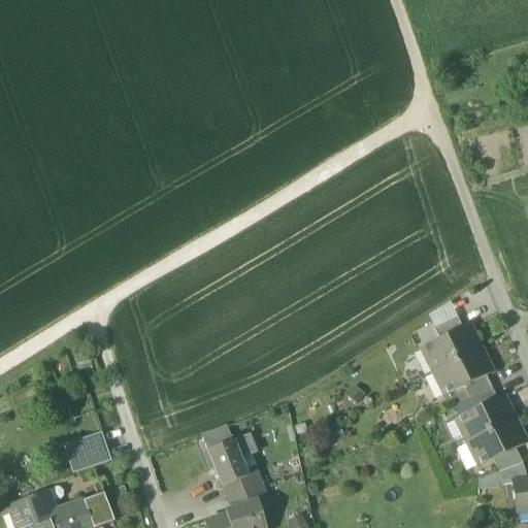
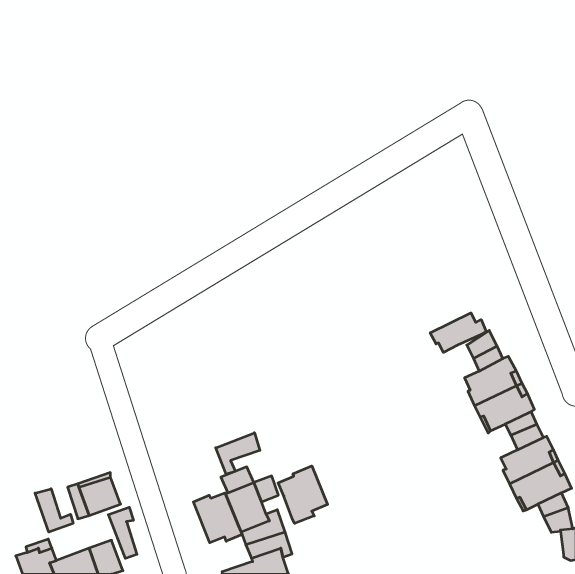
building: none -> [430,313,486,352]
building: none -> [216,433,260,474]
building: none -> [278,466,328,523]
building: none -> [35,489,73,532]
building: none -> [193,493,242,543]
building: none -> [108,507,137,558]

